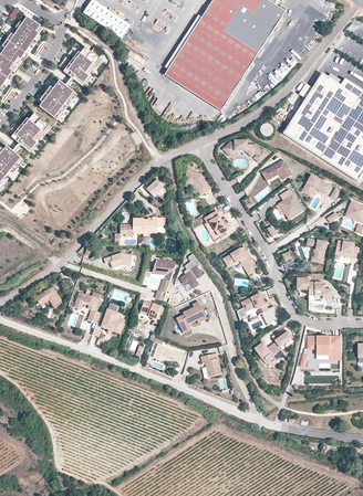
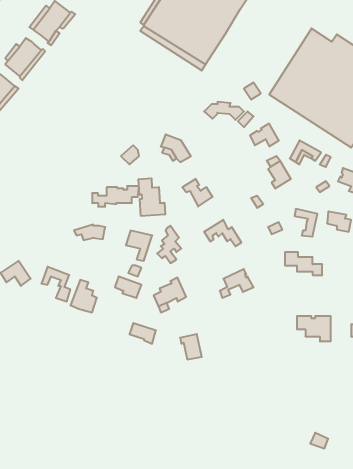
building: none -> [139,178,165,216]
building: [250,330,292,361] -> none

